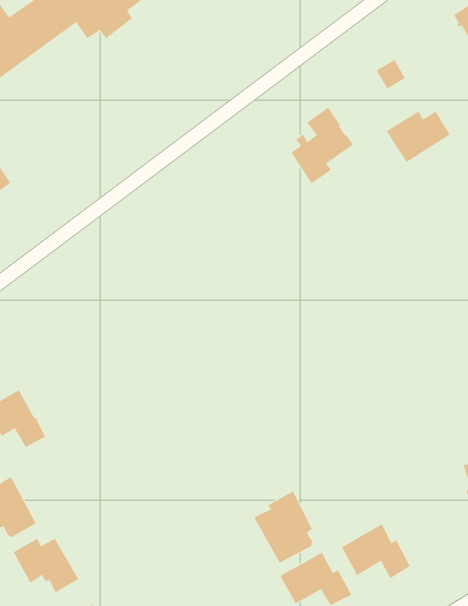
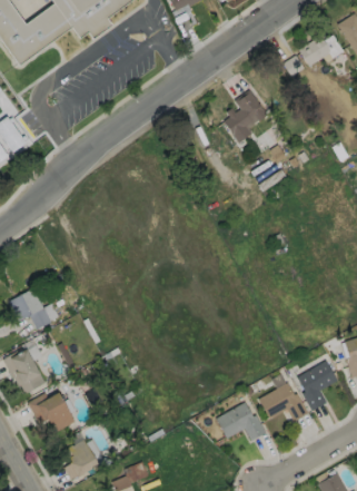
building: [386,111,450,163] -> [298,35,344,71]
building: [254,491,313,564] -> none
building: none -> [297,360,338,411]

